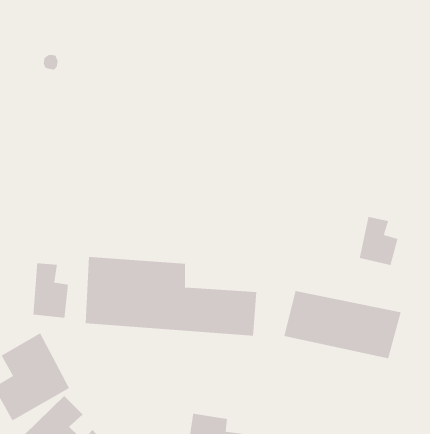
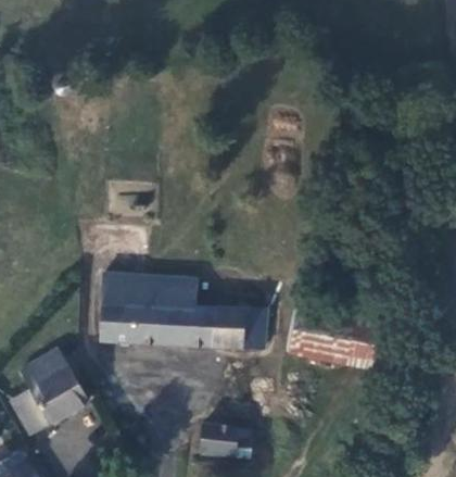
building: [359,216,398,266] -> none
building: [33,263,69,319] -> none

